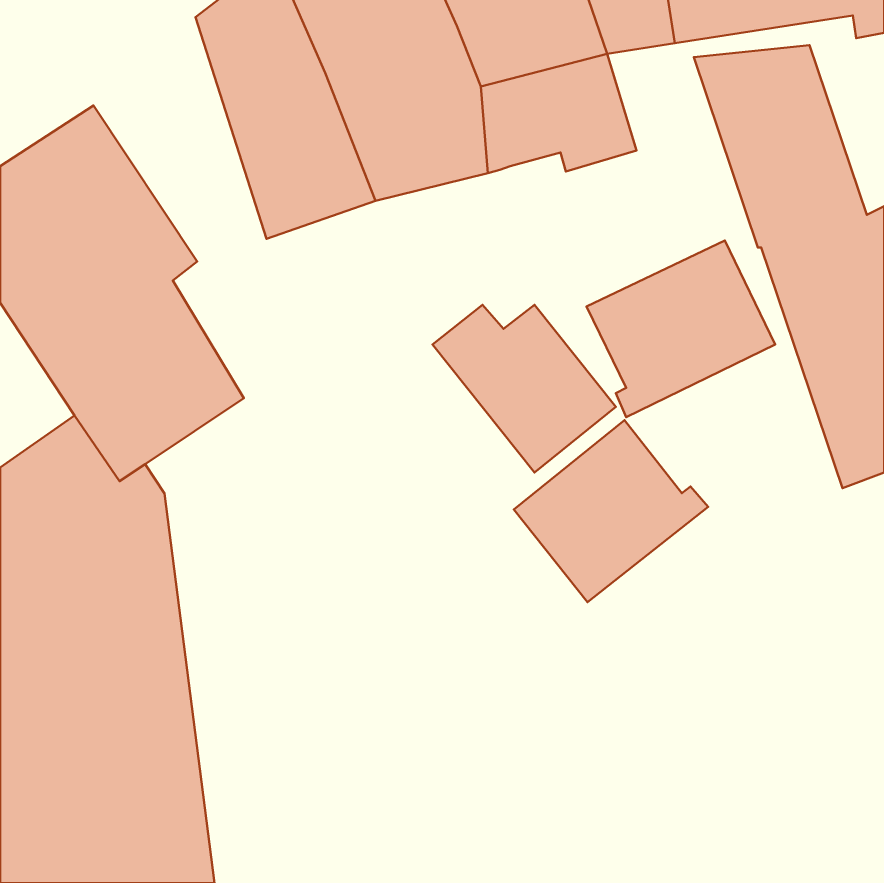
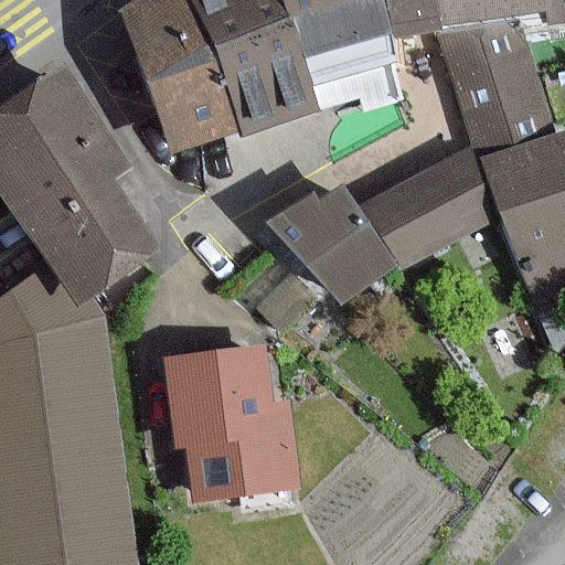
building: [514,420,708,602] -> none
building: none -> [166,347,296,500]

